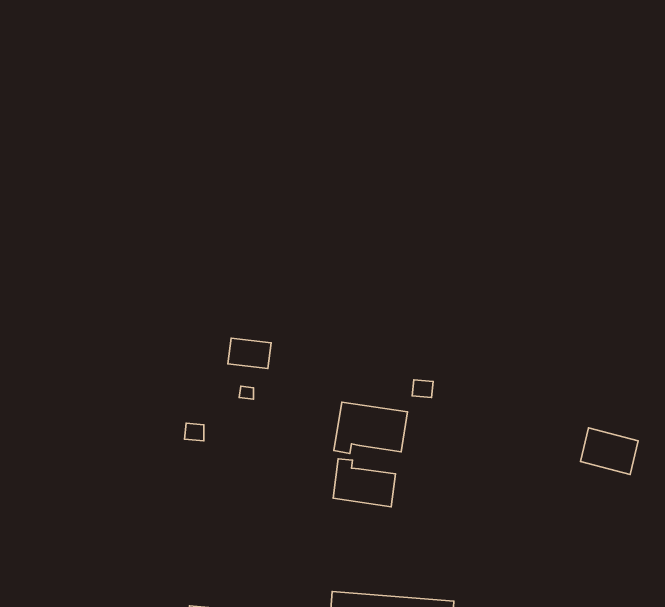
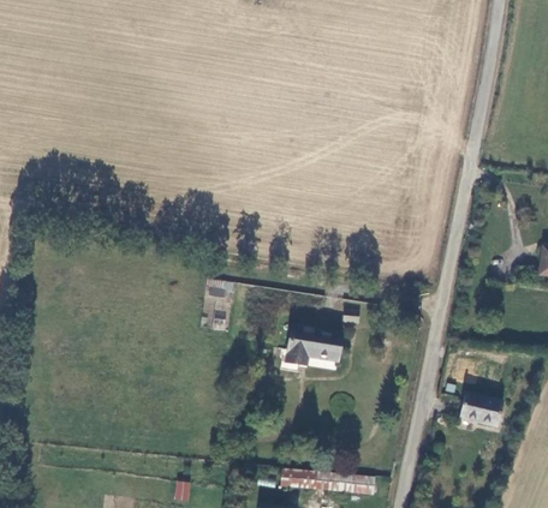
building: [580,428,638,474] -> [459,393,502,428]
building: [333,459,396,507] -> none

